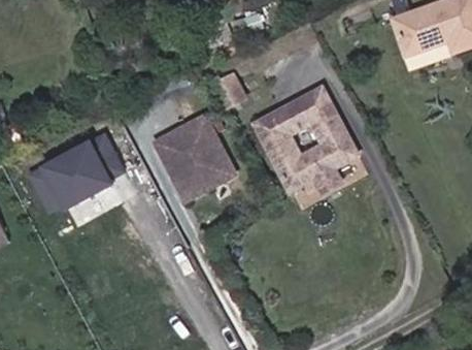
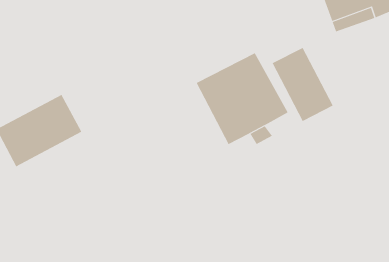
building: none -> [272,47,334,122]
building: [156,116,234,198] -> none

